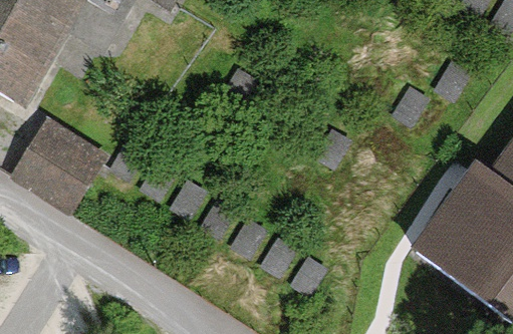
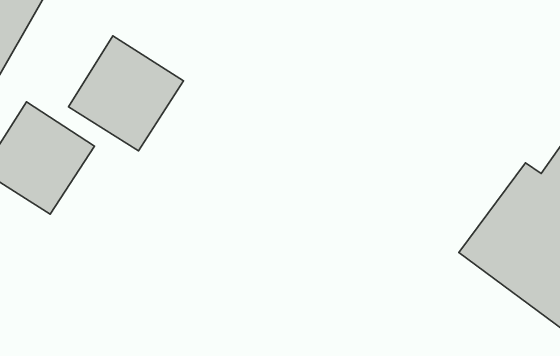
building: none -> [68,36,184,151]

